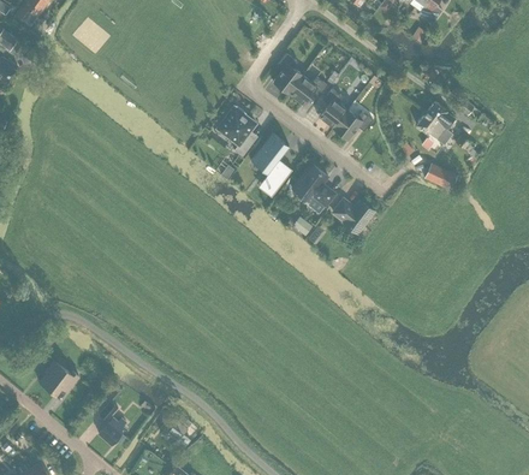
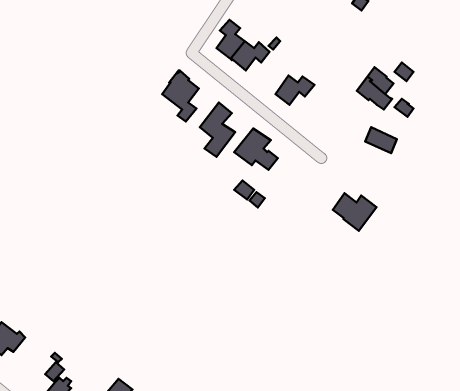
building: [317,88,346,129] -> none
building: [331,196,375,234] -> [333,193,376,231]

